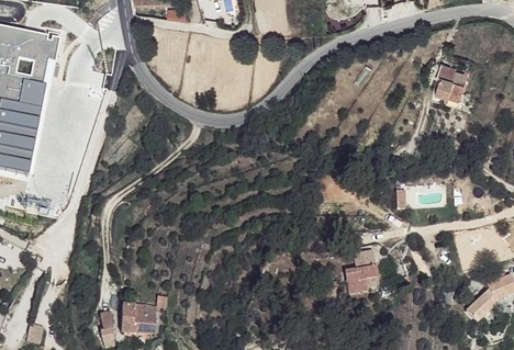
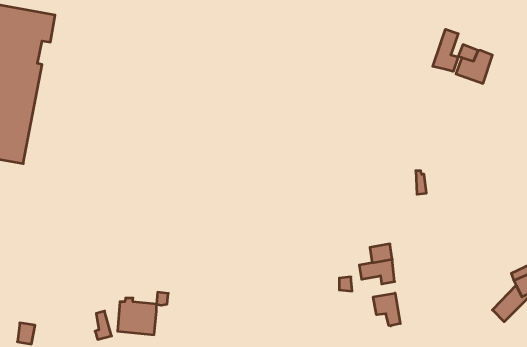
building: none -> [433,29,458,71]
building: none -> [373,293,400,326]

